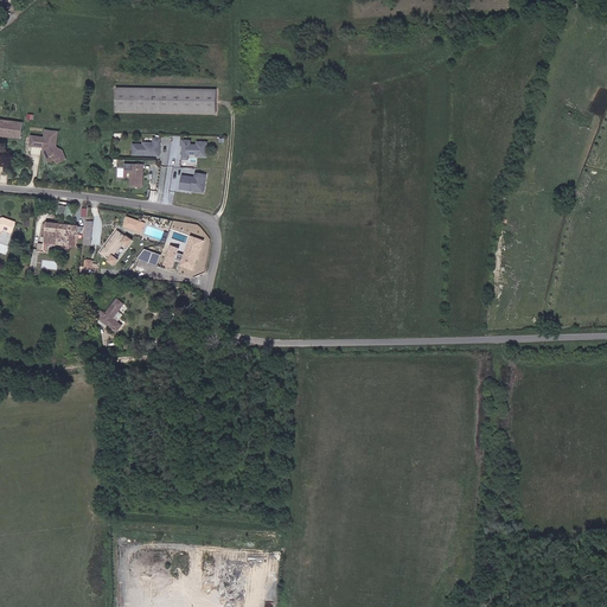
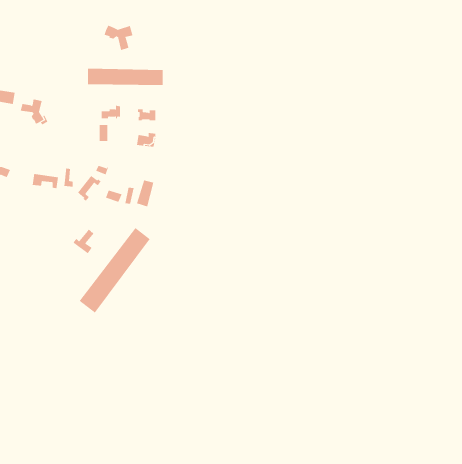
building: none -> [104,25,133,51]
building: none -> [79,227,151,314]

